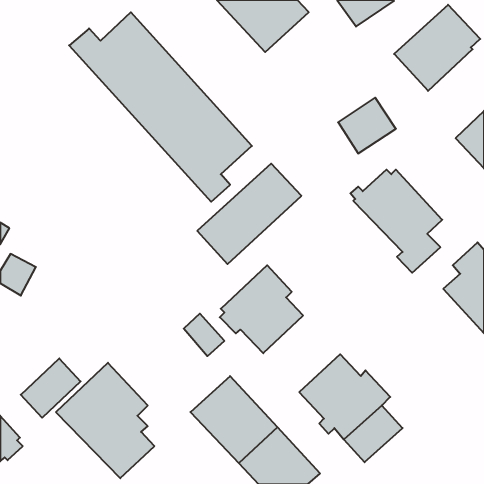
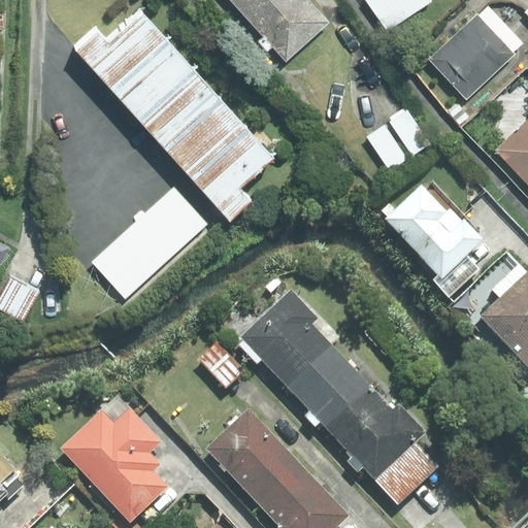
building: [197,164,301,264] -> [93,189,206,298]
building: none -> [287,343,370,427]
building: [21,358,81,418] -> none

